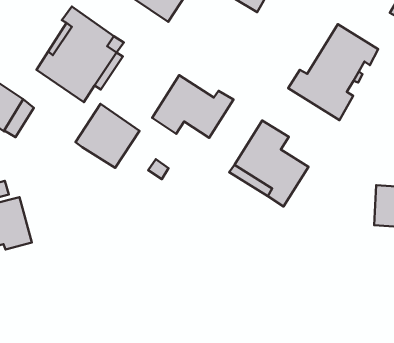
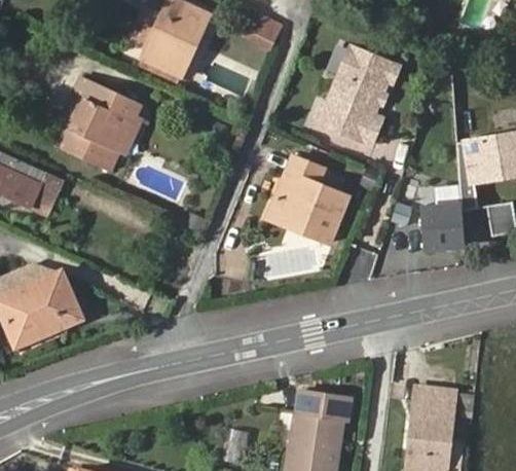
building: [152,75,233,138] -> none
building: [76,104,140,168] -> none

